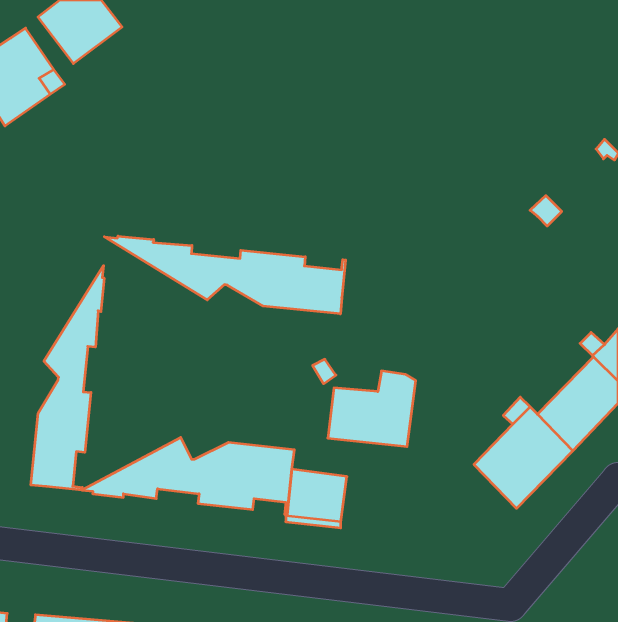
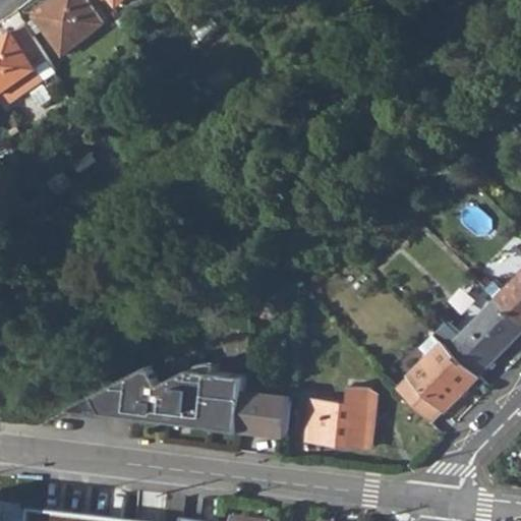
building: [104,236,346,314] -> none
building: [31,266,104,490] -> none
building: [328,371,416,447] -> [305,385,379,448]

